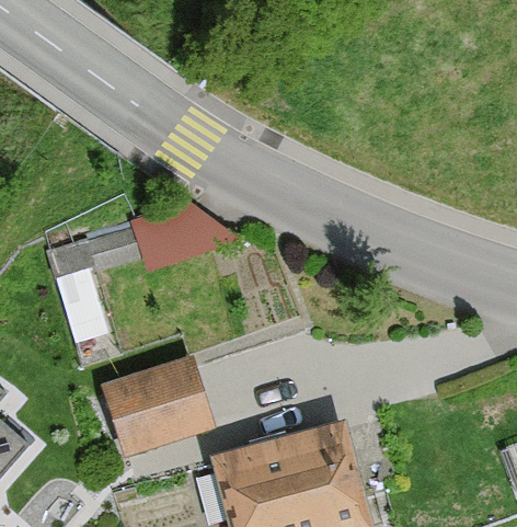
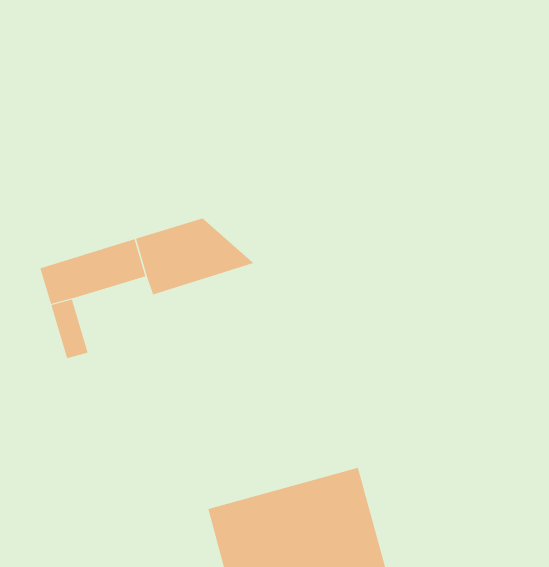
building: [101,360,206,452] -> none

